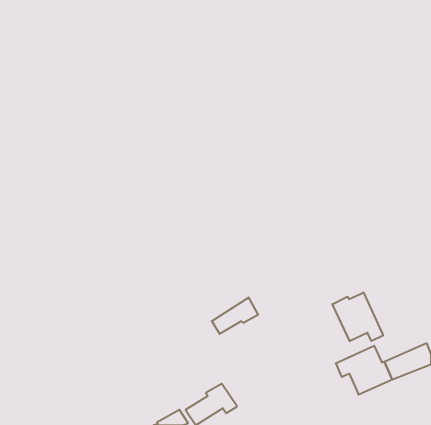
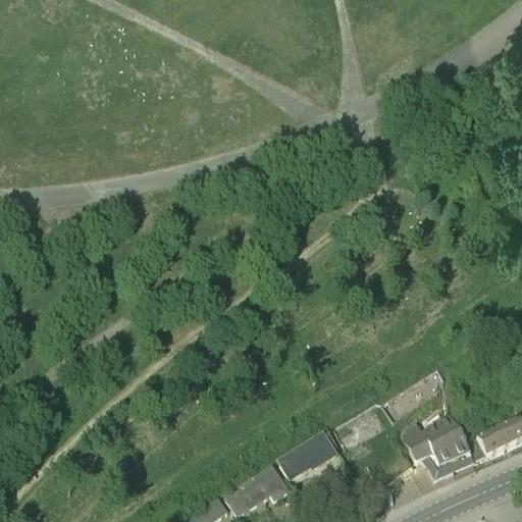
building: [332,292,383,341] -> none
building: [212,298,258,334] -> [278,433,334,477]

